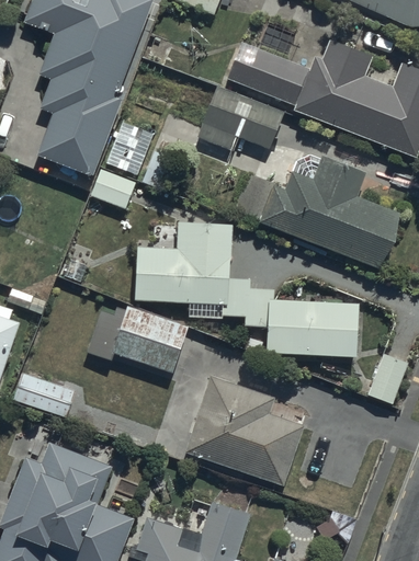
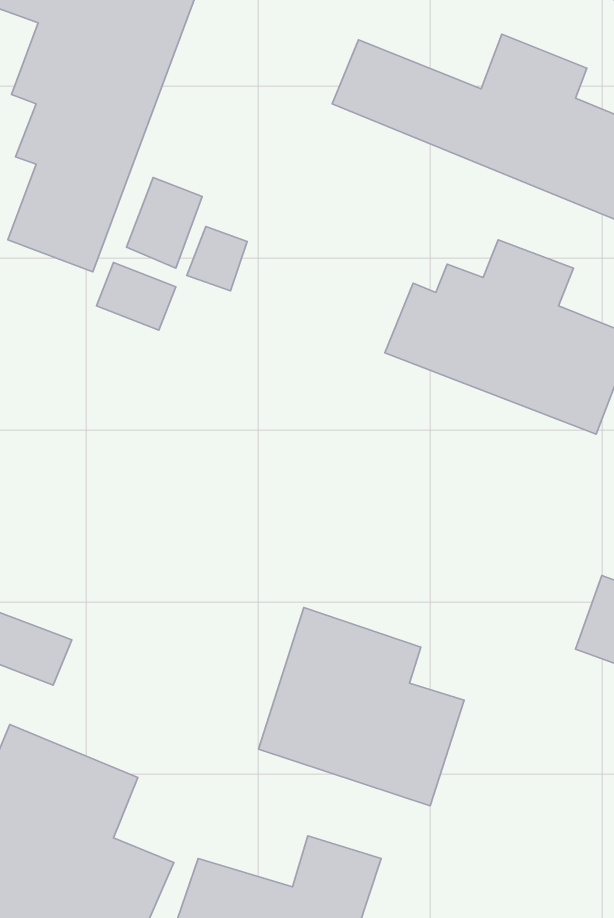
building: [195,88,283,153] -> none
building: [134,225,359,356] -> none
building: [91,305,190,377] -> none

